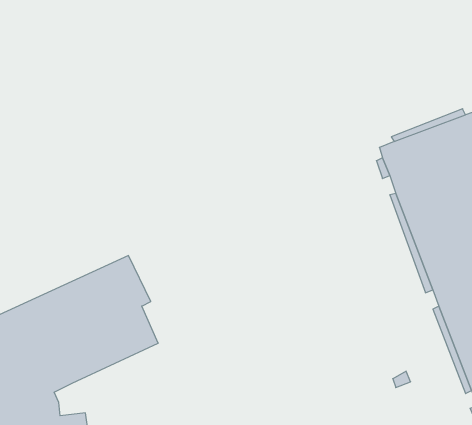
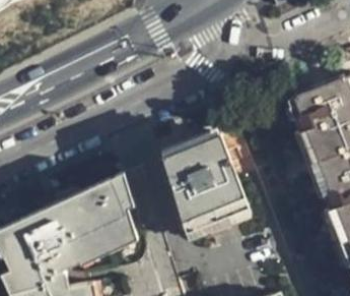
building: none -> [160,134,248,233]

